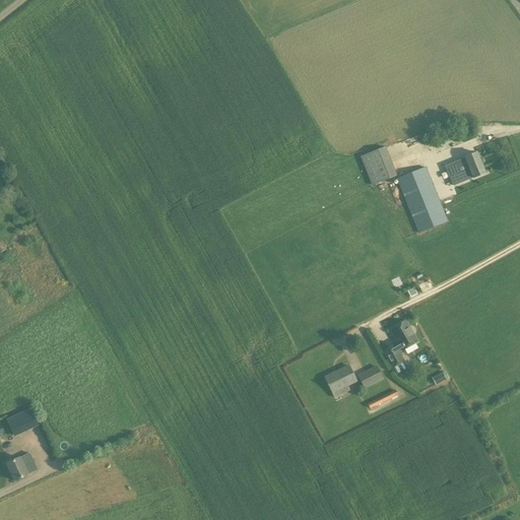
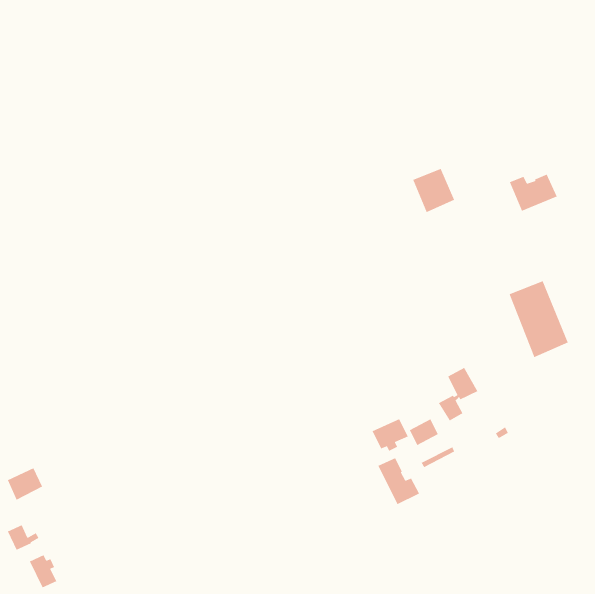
building: [395,166,448,234] -> [508,280,569,358]
building: none -> [377,457,420,505]
building: none -> [29,554,57,589]

